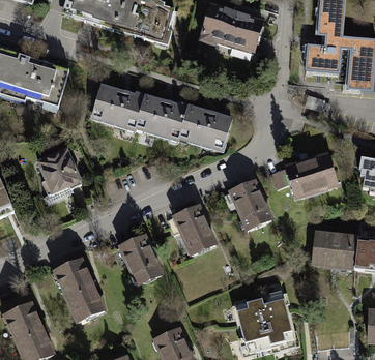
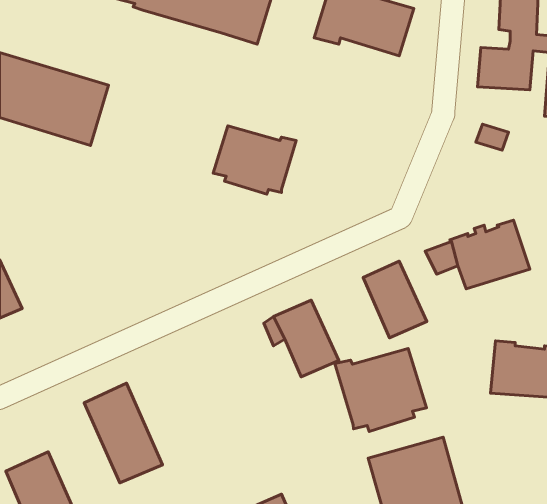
building: [92,85,145,128] -> none
building: [179,104,232,149] -> none
building: [38,149,82,204] -> none
building: [120,236,162,284] -> none
building: none -> [335,349,427,431]

